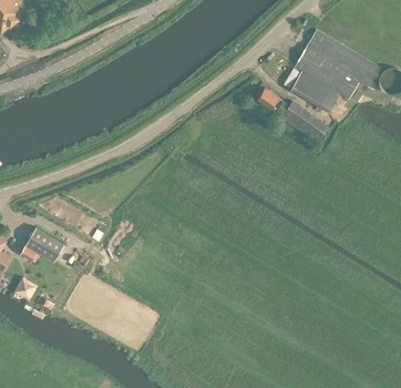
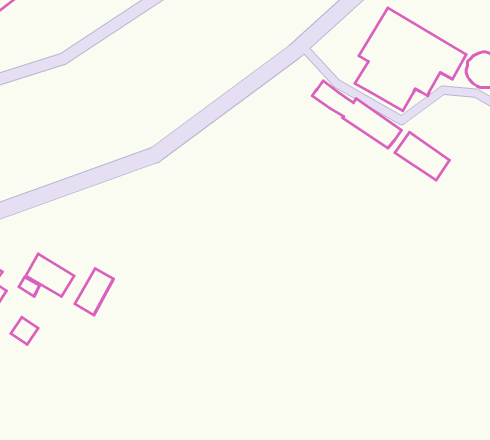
building: none -> [395,132,450,180]
building: none -> [75,269,114,315]

